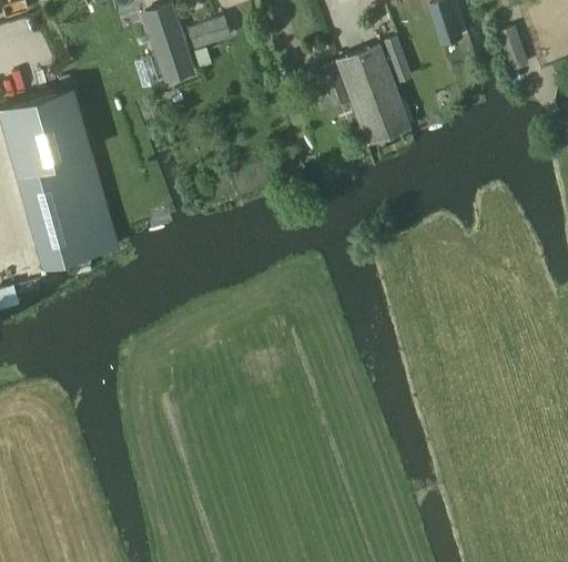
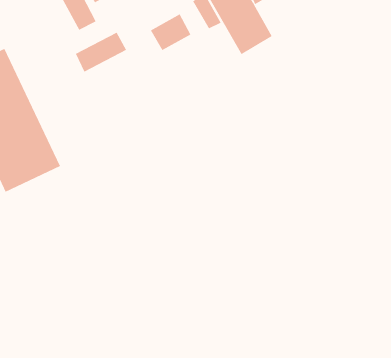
building: none -> [150,13,191,51]
building: none -> [75,32,127,72]

